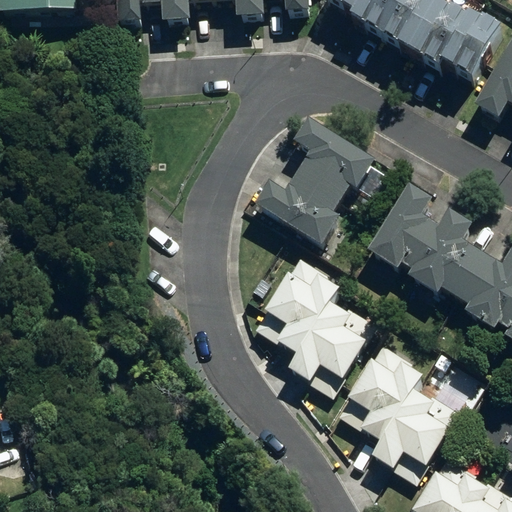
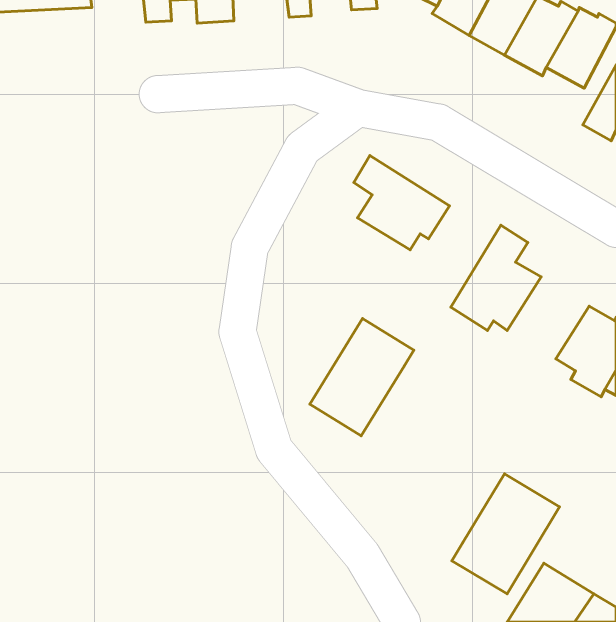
building: [255,178,338,243] -> none
building: [411,210,481,293] -> none
building: [286,299,374,397] -> none
building: [337,347,422,443] -> none

